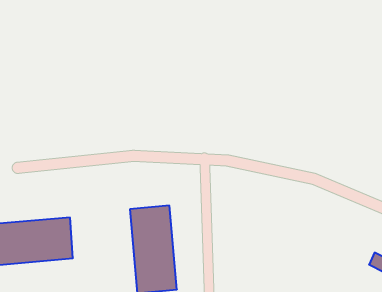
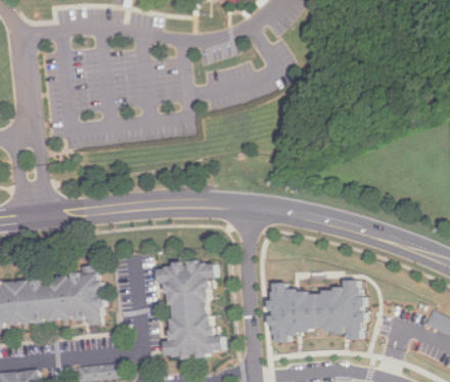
building: none -> [269,277,359,341]

